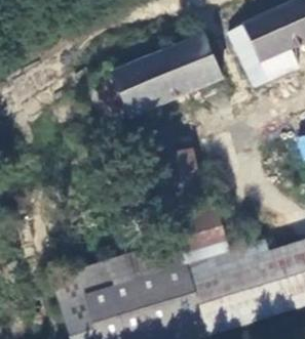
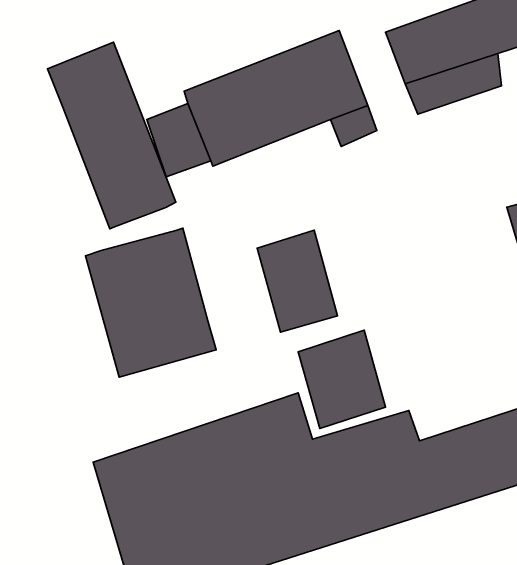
building: none -> [47,42,176,229]
building: none -> [86,228,216,377]

